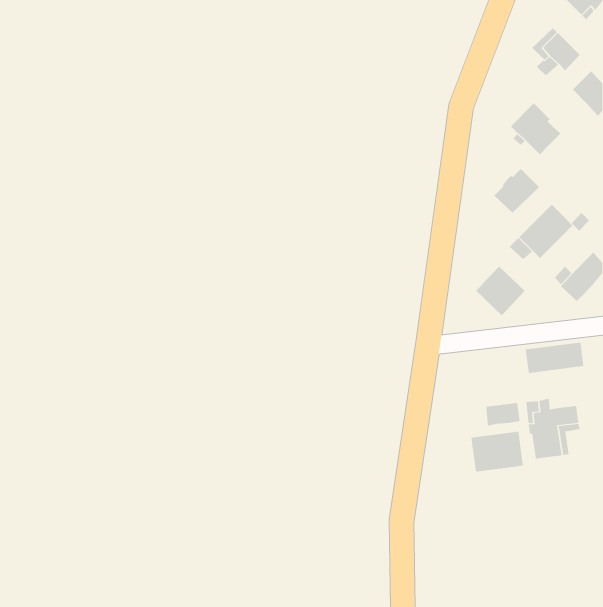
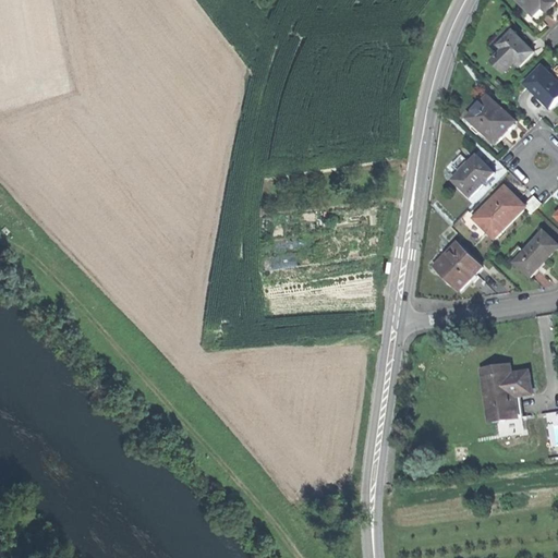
building: [525,342,584,374] -> none
building: [486,402,520,426] -> none
building: [471,431,523,473] -> none

